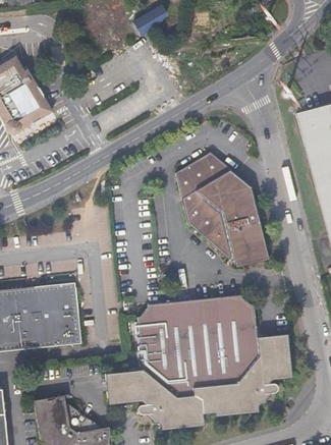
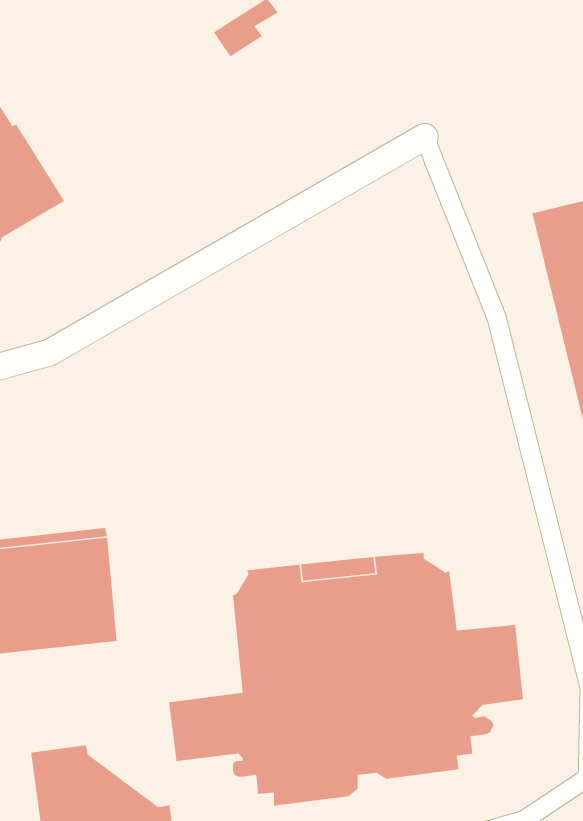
building: [176,153,270,268] -> none

